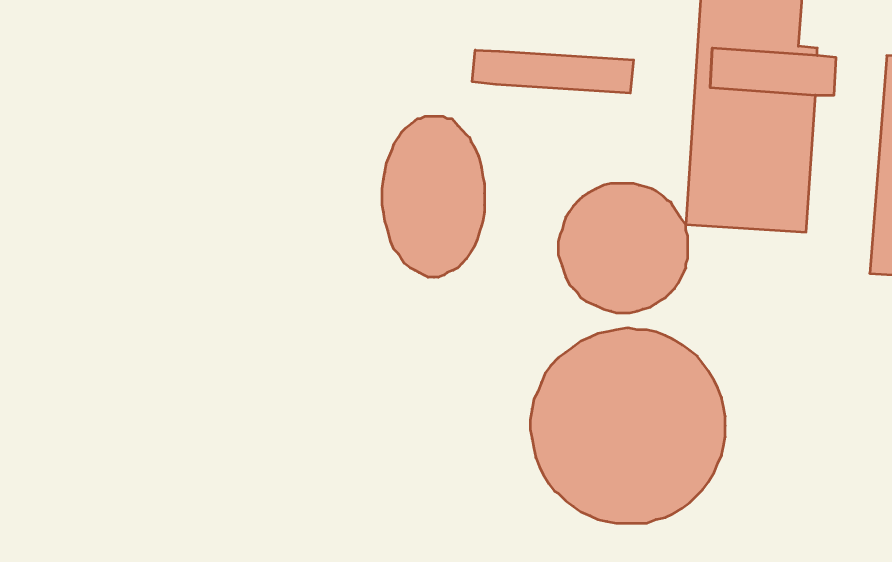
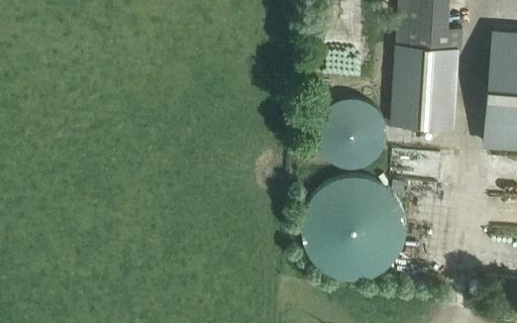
building: [472,50,634,93] -> none
building: [382,116,484,277] -> none

